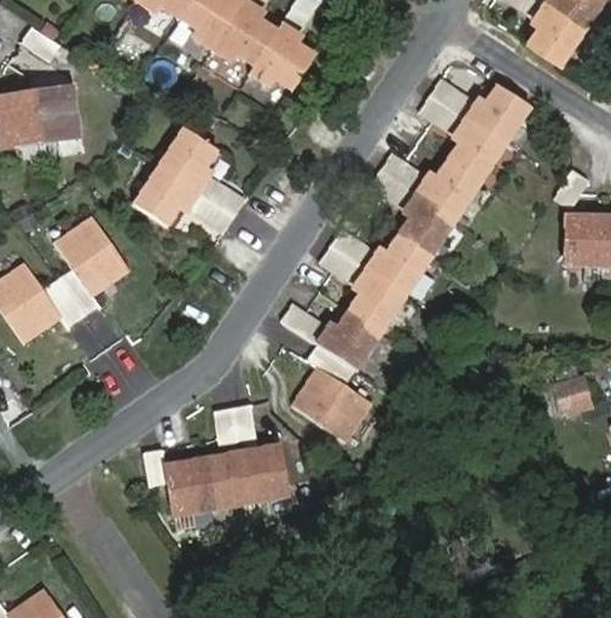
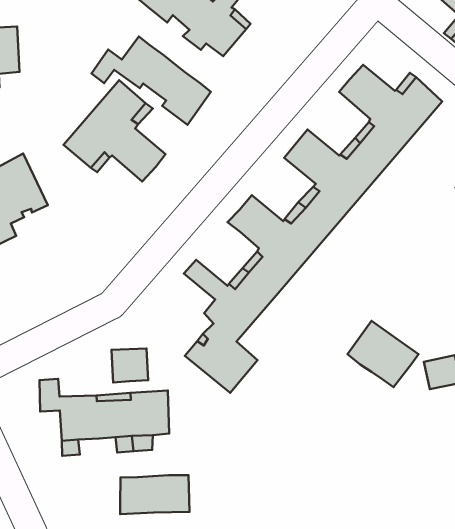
building: none -> [91,37,211,125]
building: none -> [347,321,419,387]
building: none -> [120,475,189,514]

